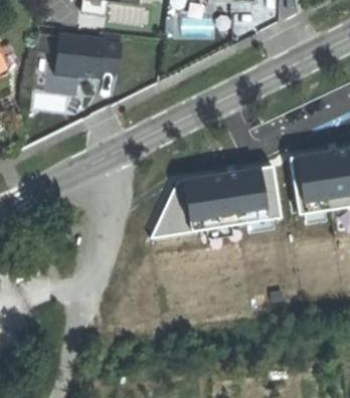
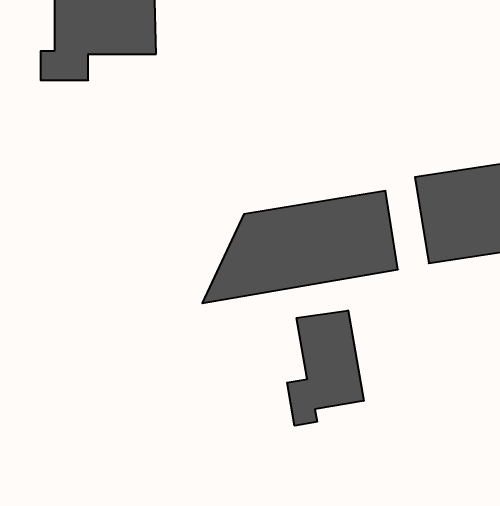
building: none -> [287,310,364,426]

